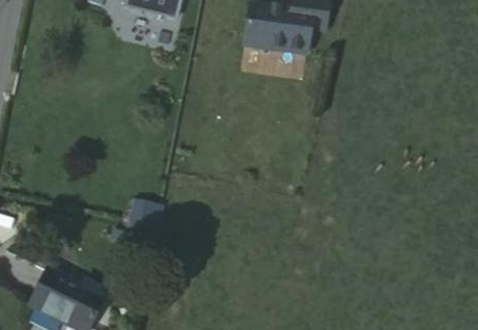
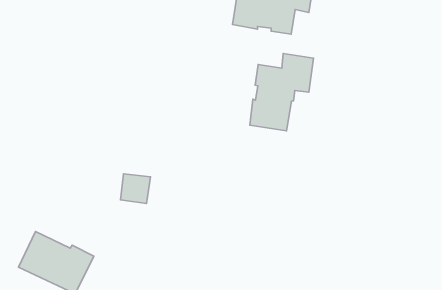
building: none -> [250,54,313,131]

